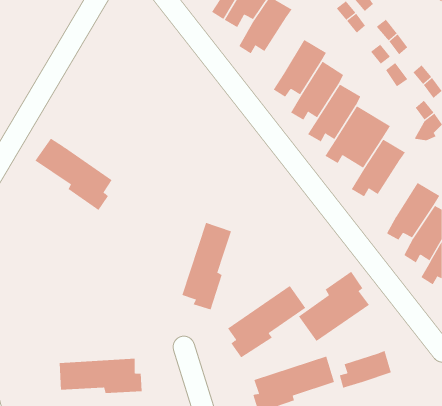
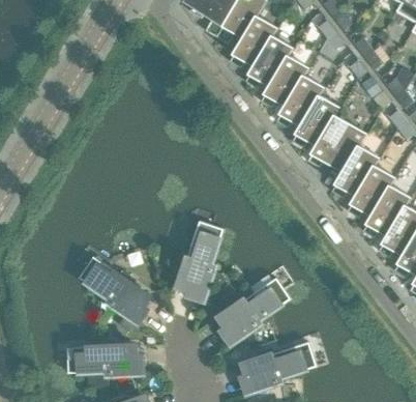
building: none -> [244,35,293,88]
building: [35,138,112,211] -> [79,257,149,323]
building: none -> [346,165,395,218]
building: [298,271,370,342] -> none
building: [339,350,392,388] -> none

